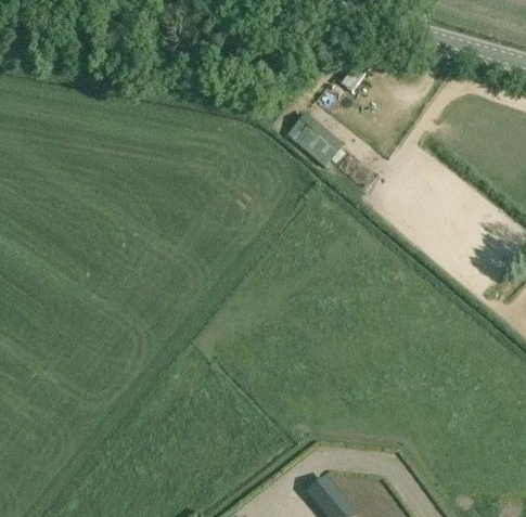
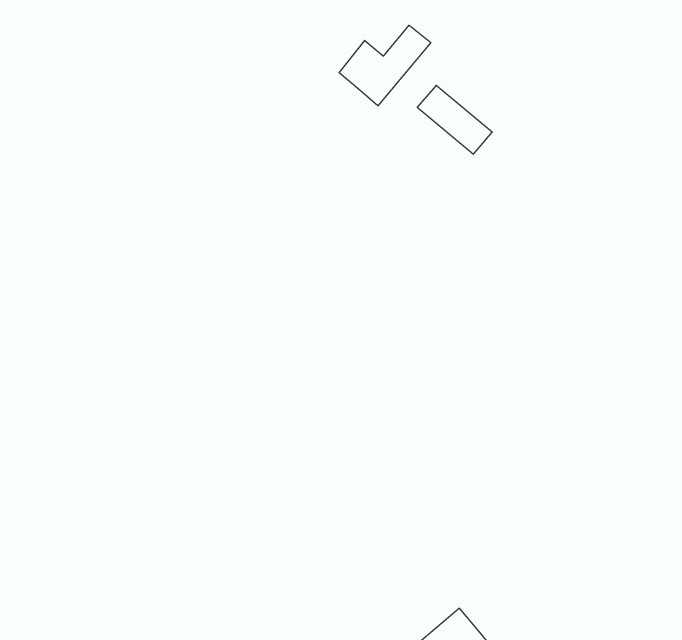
building: none -> [339,25,431,106]

